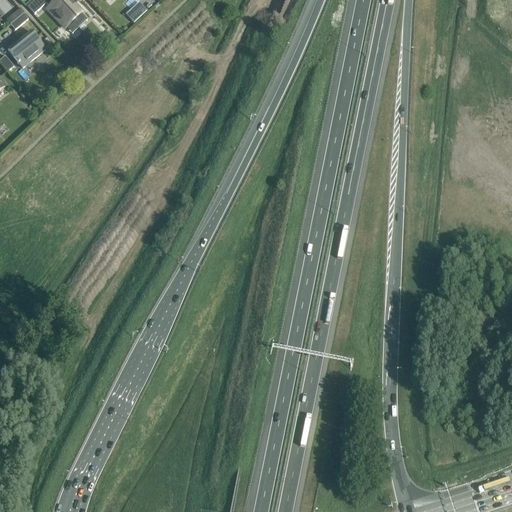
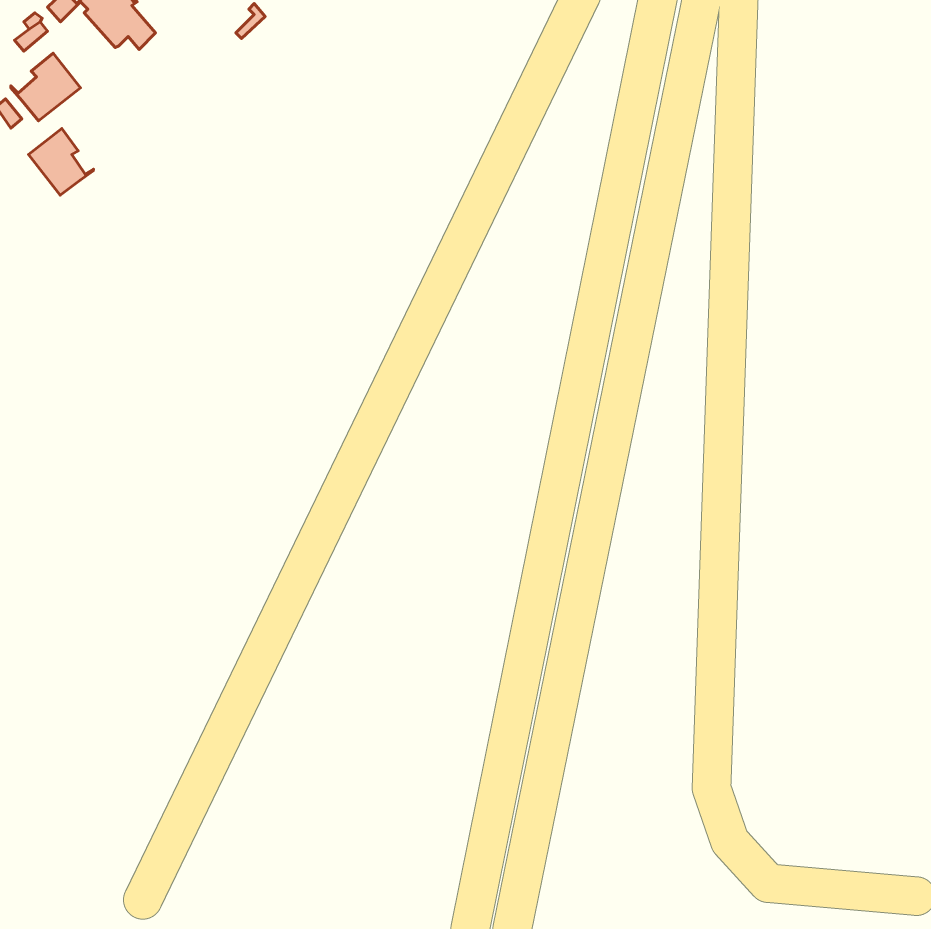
building: none -> [28,129,94,195]

